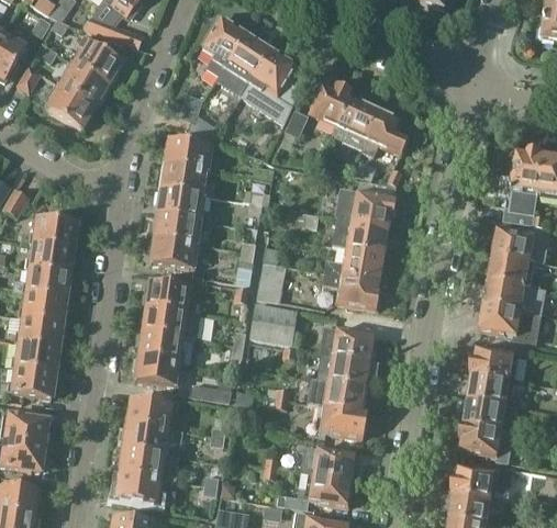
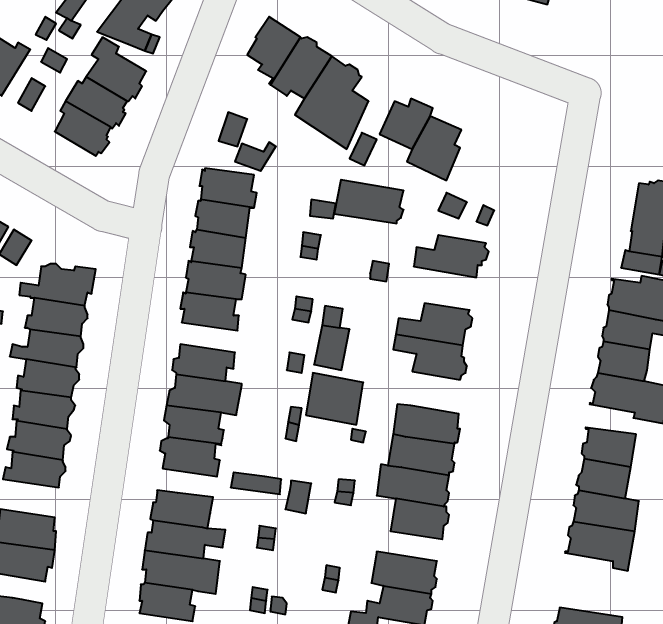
building: [363,109,406,154] -> none
building: [331,218,387,254] -> [334,180,404,223]
building: [453,462,515,502] -> none

